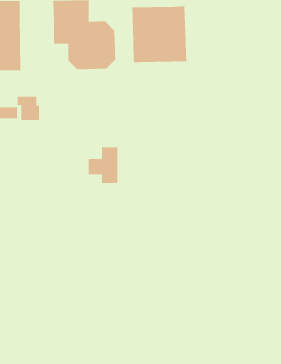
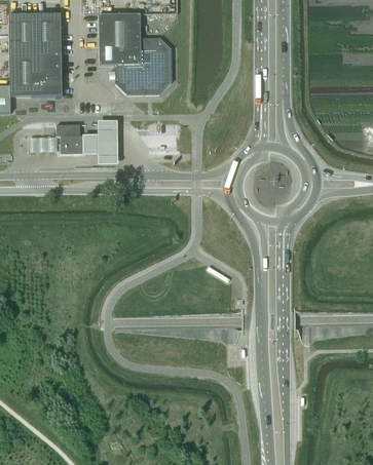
building: [131,6,187,63] -> none
building: [88,147,118,184] -> [82,120,117,163]

